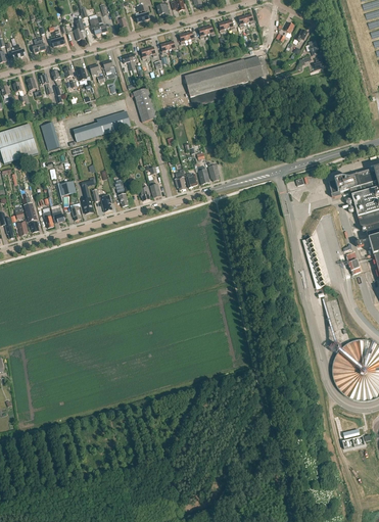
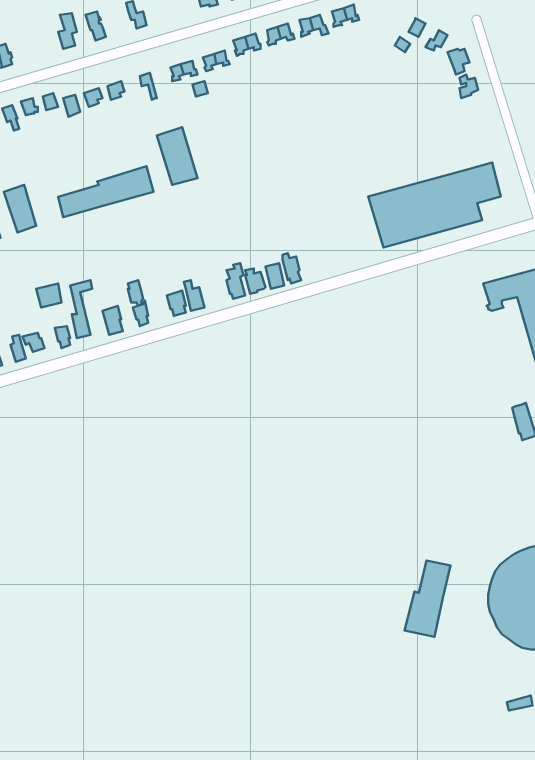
building: [184,55,264,106] -> [368,162,501,247]
building: none -> [404,561,450,637]

